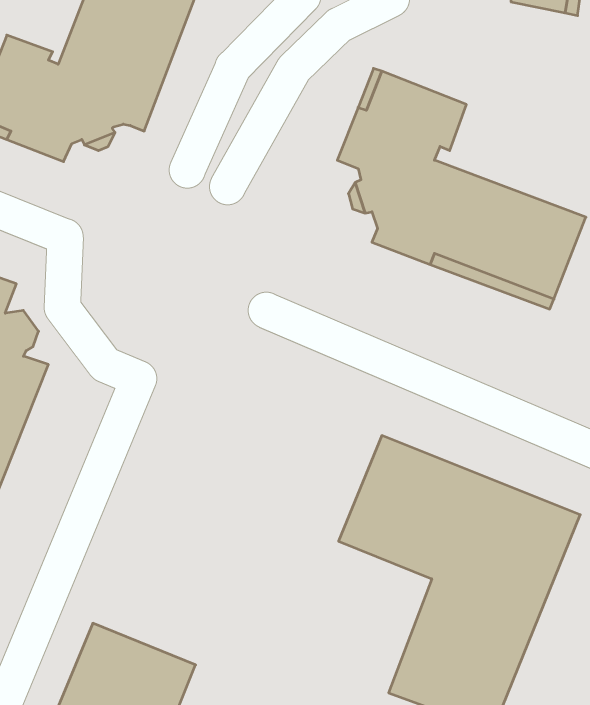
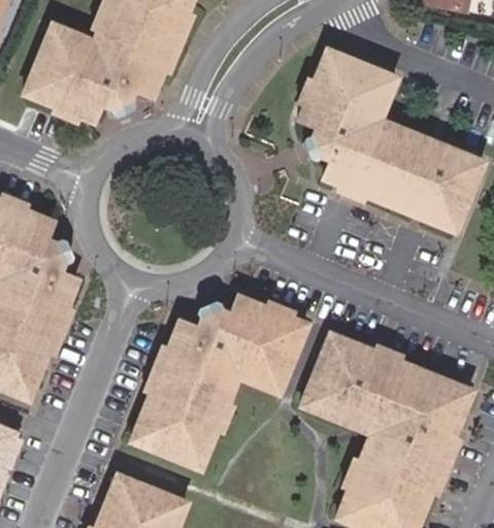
building: none -> [127,290,314,469]

